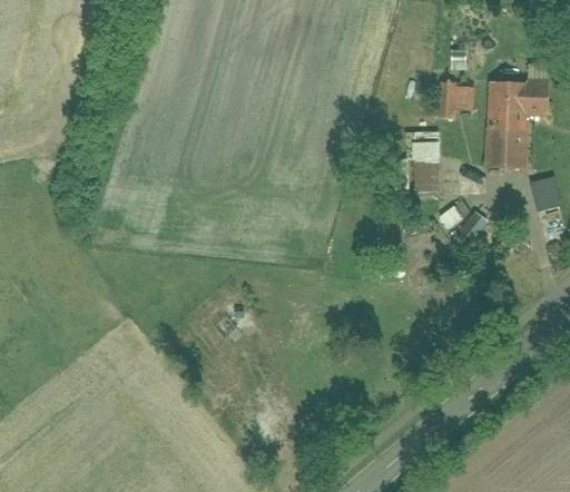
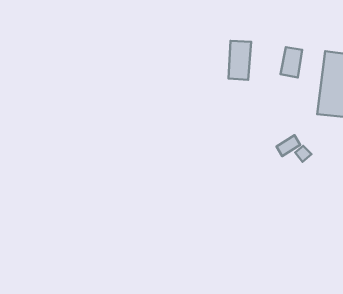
building: [411,140,440,193] -> [228,41,251,80]

